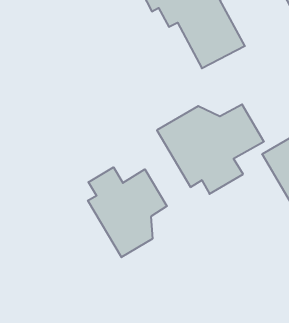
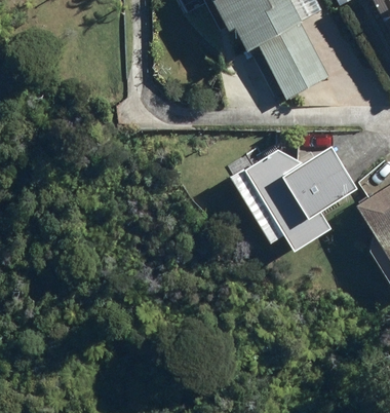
building: [88,167,167,257] -> none

